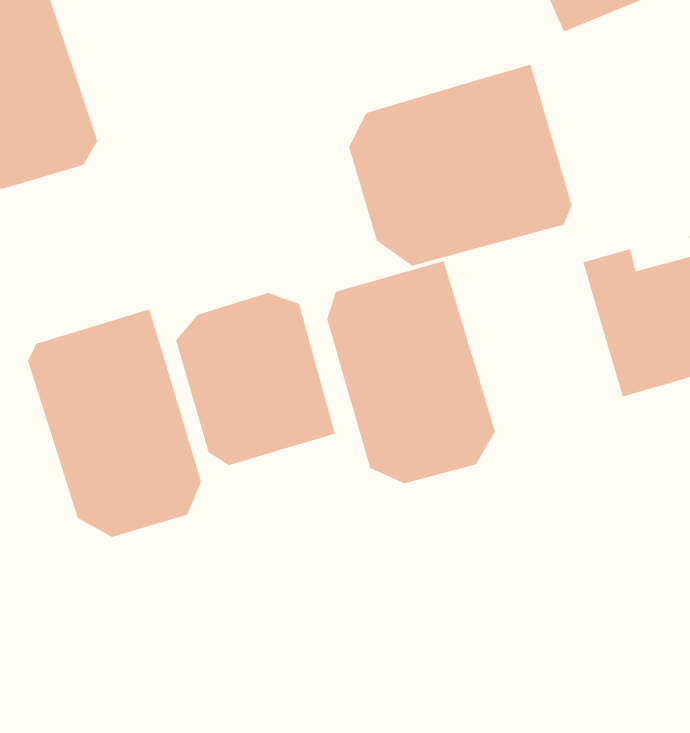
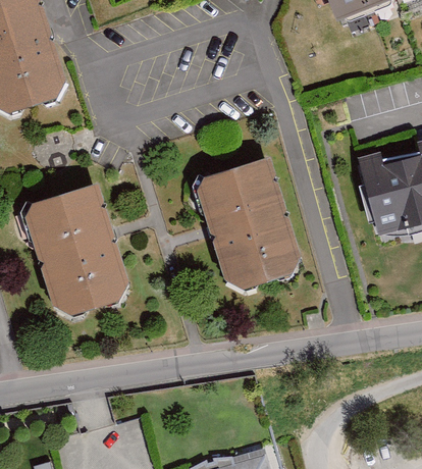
building: [349,64,572,266] -> none
building: [175,292,336,466] -> none

